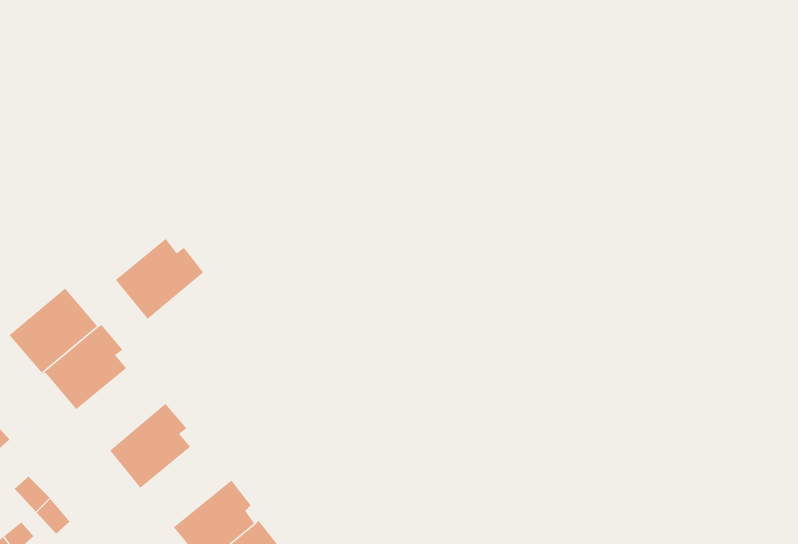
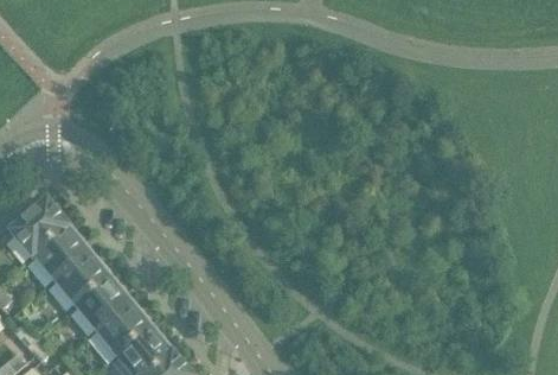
building: [115,238,204,320] -> [52,252,110,305]
building: none -> [94,303,153,355]

